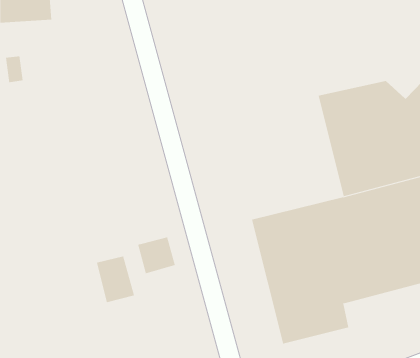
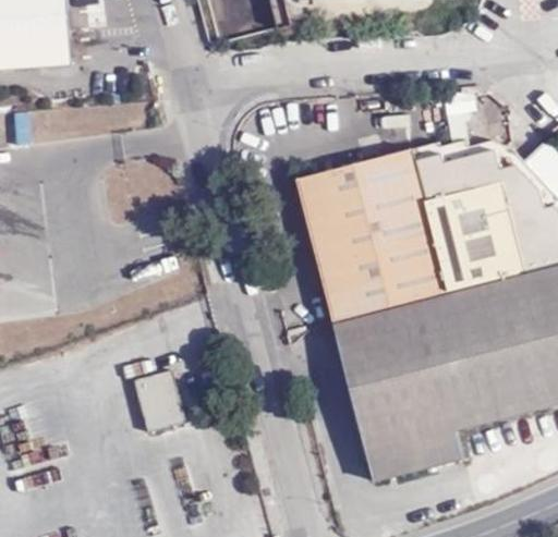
building: none -> [294,147,450,321]
building: [137,237,176,274] -> none

